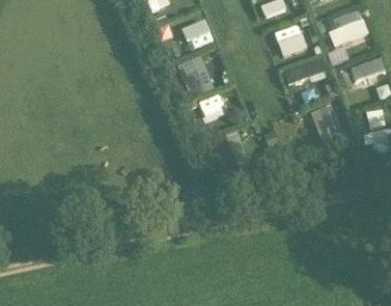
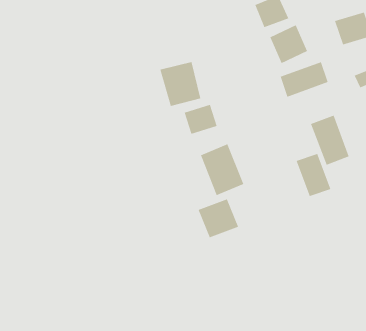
building: none -> [296,153,331,197]
building: none -> [198,198,239,238]

